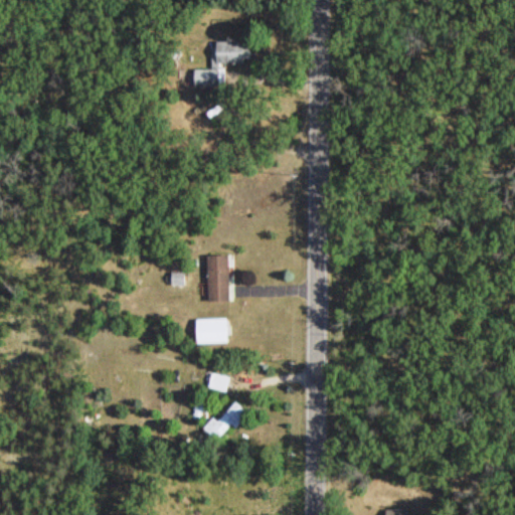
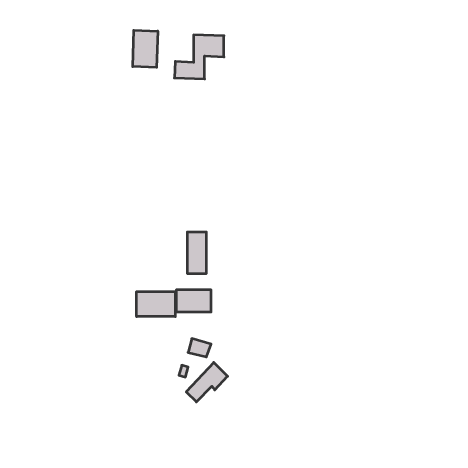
building: none -> [133,30,158,67]
building: none -> [137,292,175,317]

